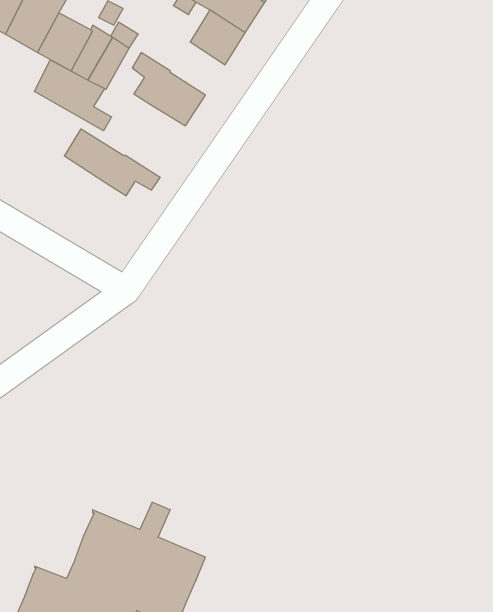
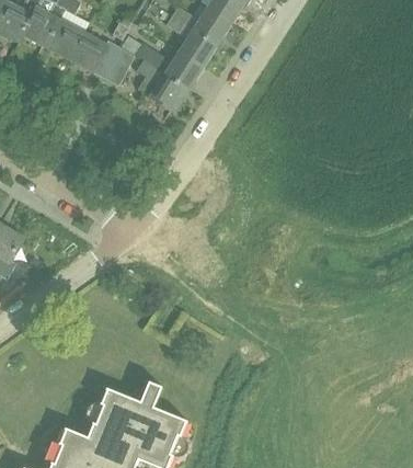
building: none -> [162,52,202,90]
building: [35,60,111,131] -> none
building: [65,129,160,196] -> none

